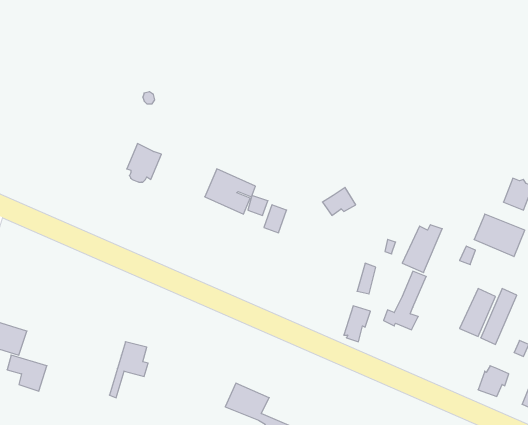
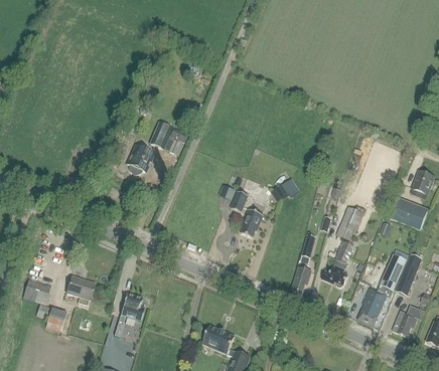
building: [205,169,255,214] -> [149,121,187,155]
building: none -> [240,208,263,237]
building: none -> [66,276,95,305]
building: none -> [357,284,393,326]

